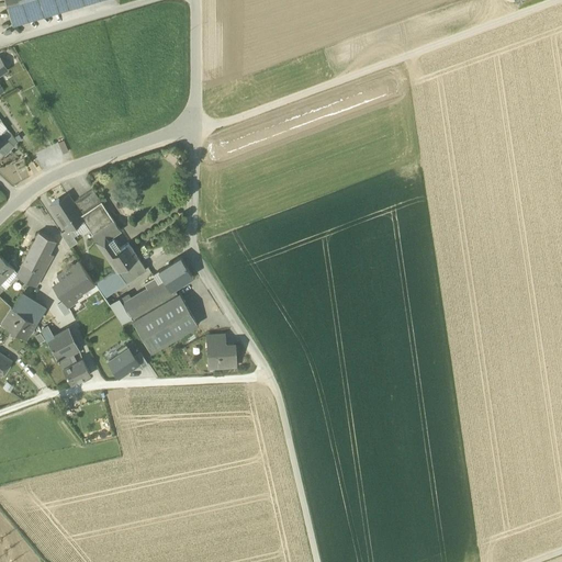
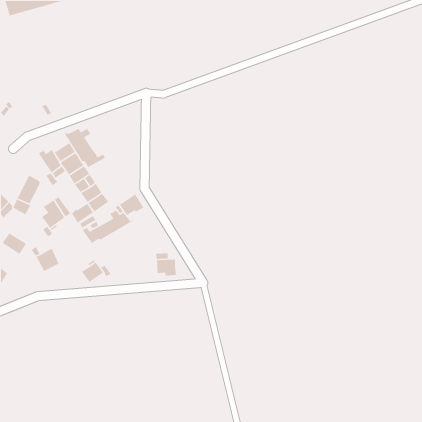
building: none -> [64,128,106,168]
building: [12,293,46,324] -> none
building: [132,293,198,353] -> none
building: [58,357,90,385] -> none

